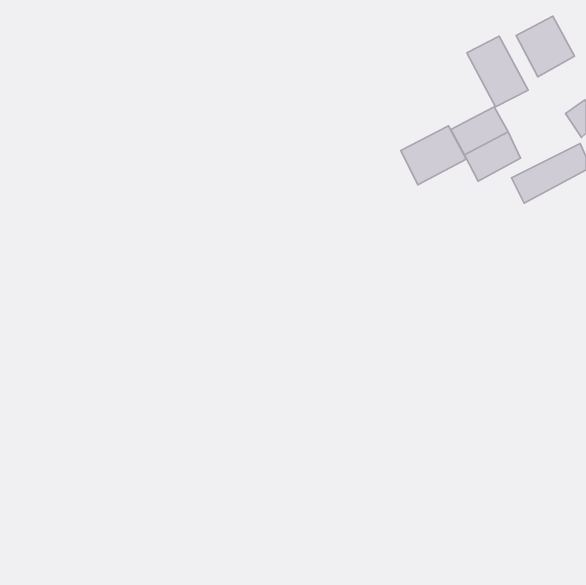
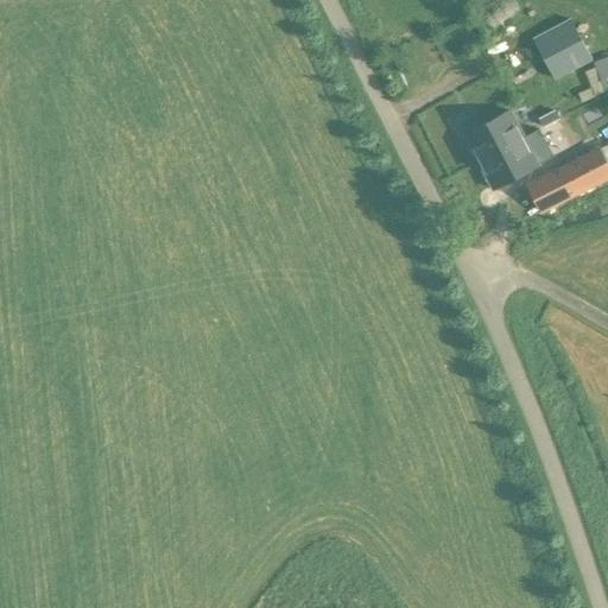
building: [467,36,528,107] -> none
building: [401,126,466,185] -> none

